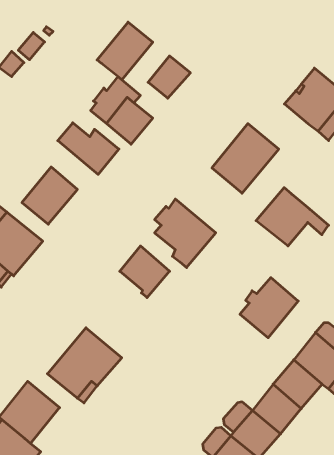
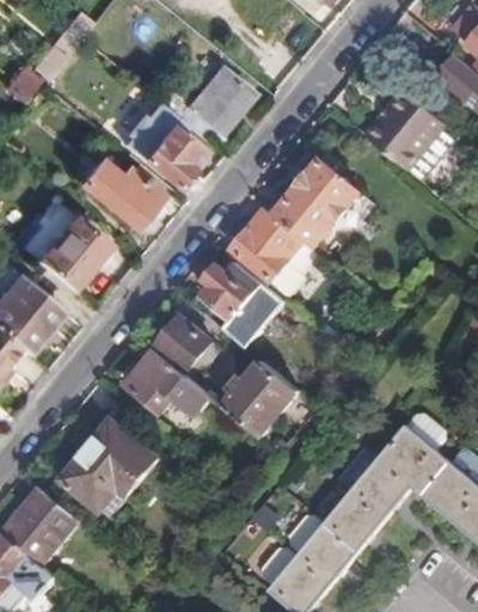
building: [97,22,153,80] -> none
building: [256,188,329,246] -> [227,207,319,281]
building: none -> [123,349,209,415]
building: [240,278,298,338] -> [222,360,296,436]

